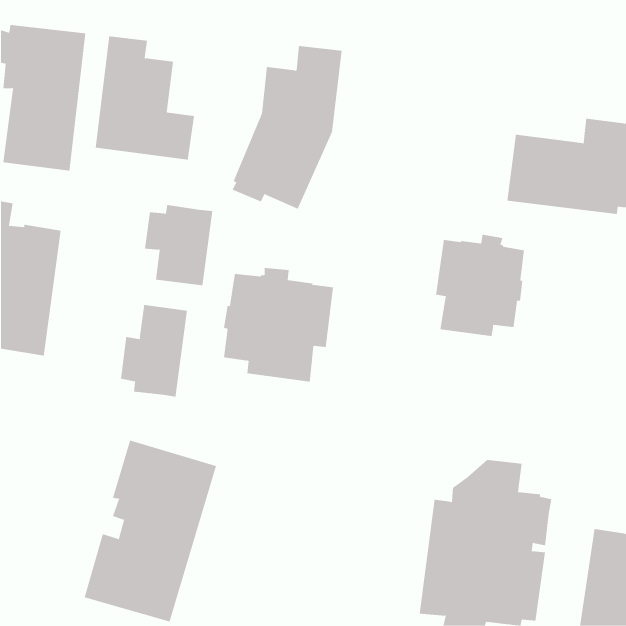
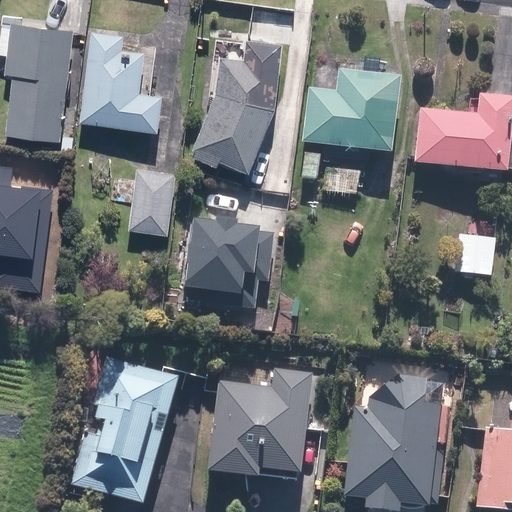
building: none -> [302,70,400,154]
building: [435,234,524,337] -> none
building: none -> [455,234,496,276]
building: [120,304,187,398] -> none
building: none -> [206,368,313,479]

